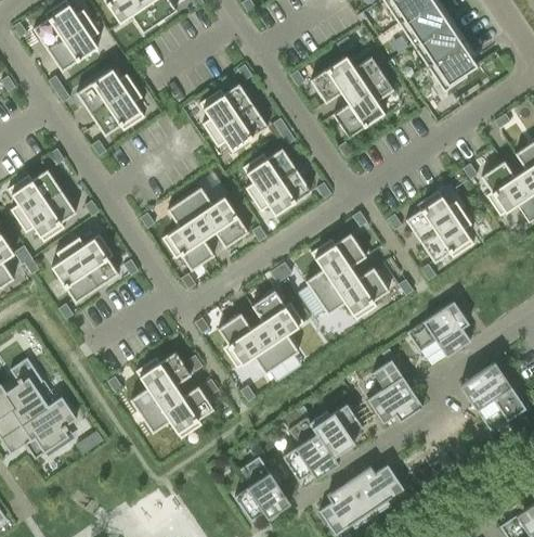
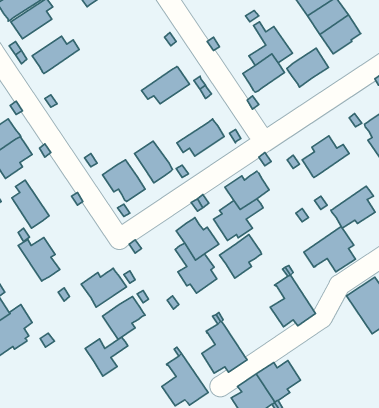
building: [311,55,362,103] -> [287,48,329,87]
building: [200,84,253,135] -> none
building: [91,85,145,136] -> none
building: [244,148,297,199] -> none
building: [168,171,229,240] -> none
building: [420,212,474,263] -> [331,186,375,228]
building: [68,234,119,287] -> [18,238,60,281]
building: [338,267,389,320] -> [220,235,261,278]
building: [219,312,265,368] -> none
building: [131,385,183,433] -> [85,337,128,376]
building: [311,404,364,457] -> none

